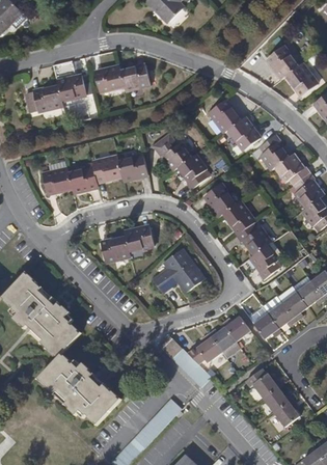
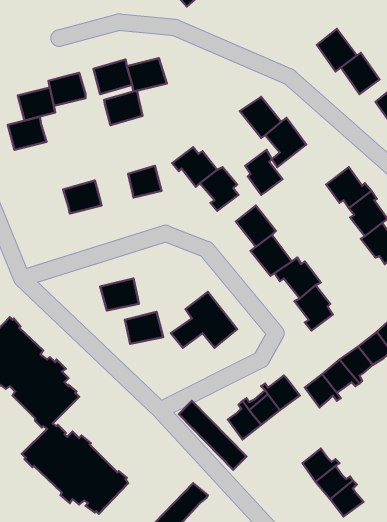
building: [258,134,288,169] -> [245,150,282,195]
building: [92,153,122,180] -> [104,90,143,125]
building: [43,165,73,191] -> [8,117,47,150]
building: [122,230,153,255] -> [125,312,163,344]

